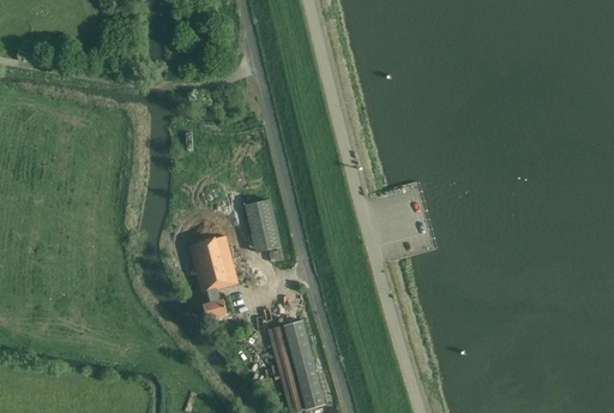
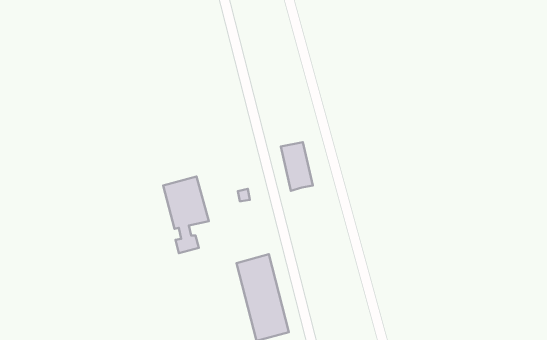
building: [245,199,279,252] -> [281,142,313,191]

